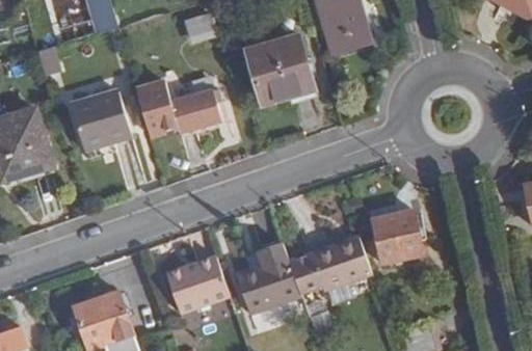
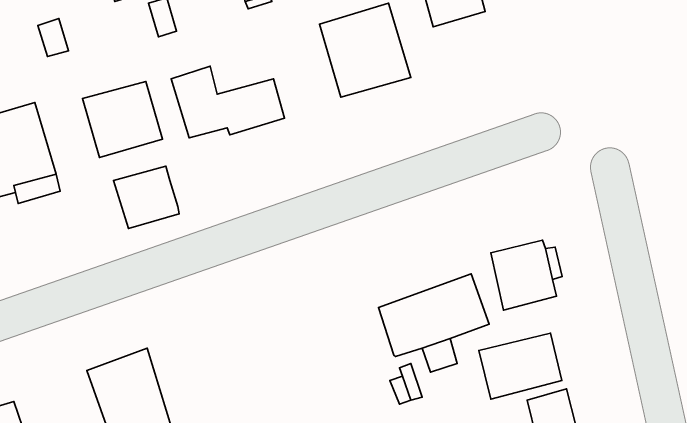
building: none -> [113,166,179,228]
building: [240,242,301,311] -> none
building: [168,255,232,313] -> none
building: none -> [479,333,562,399]

